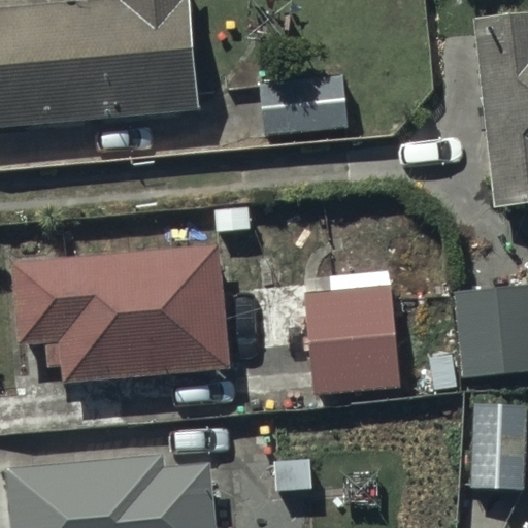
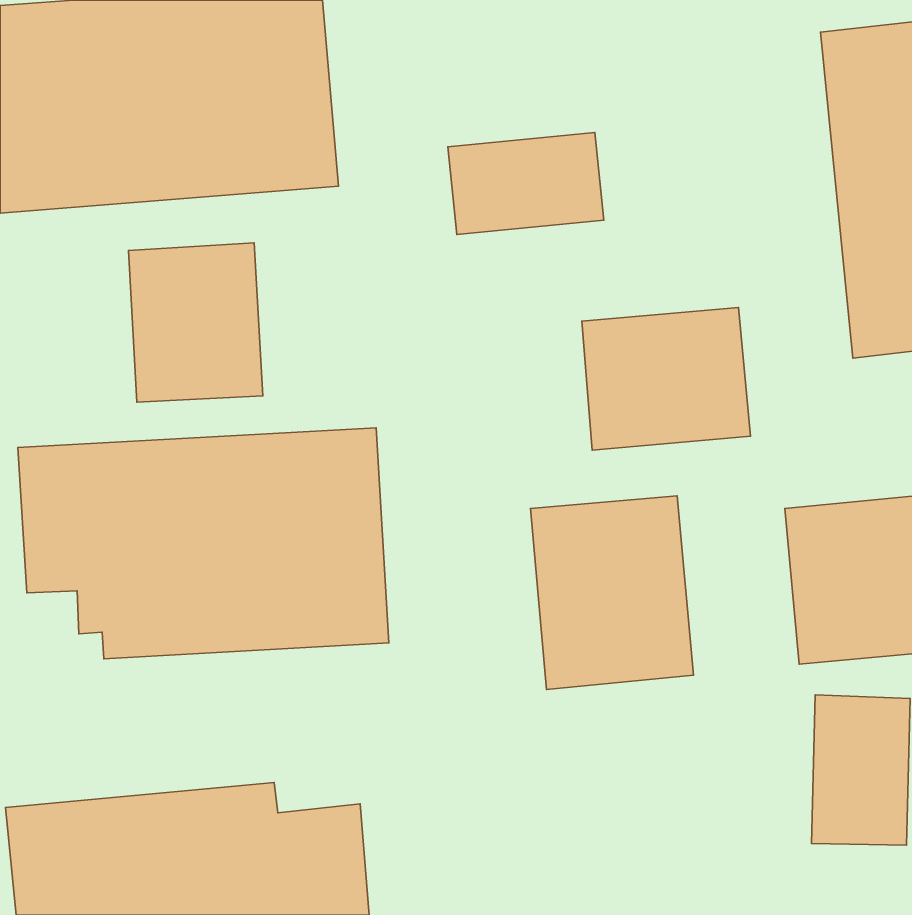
building: none -> [128,243,263,402]
building: none -> [582,307,750,450]

